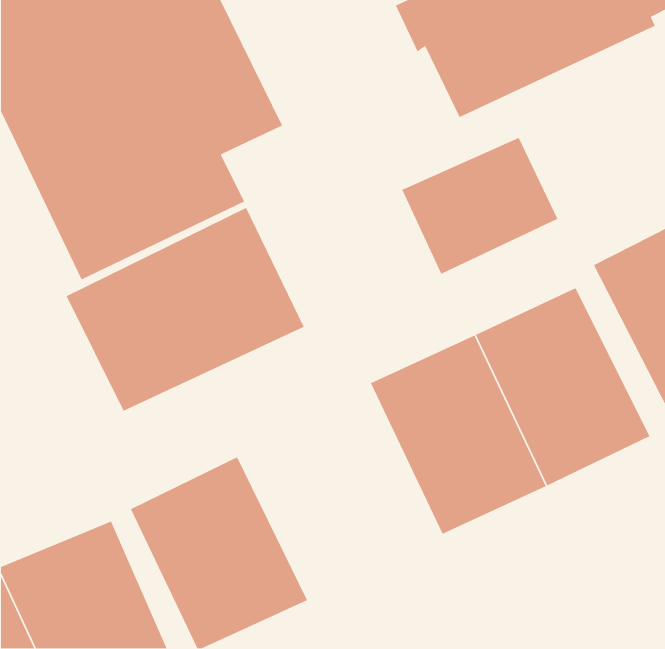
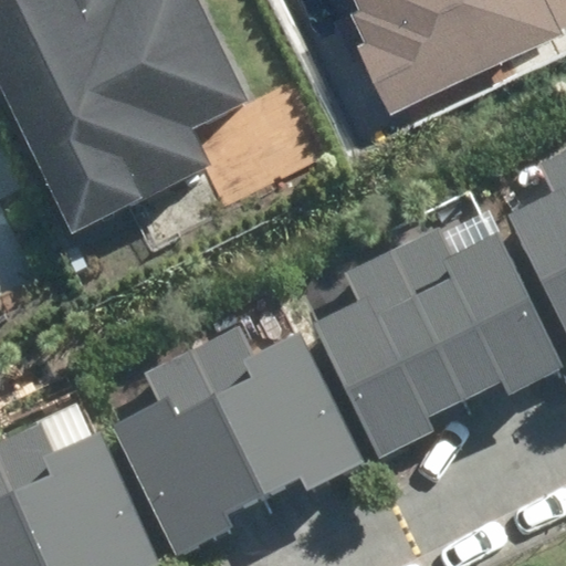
building: [401,137,559,275] -> none
building: [65,207,305,412] -> none
building: none -> [205,339,360,506]

